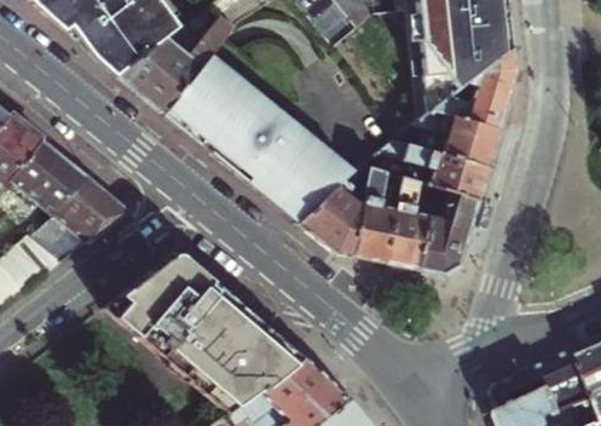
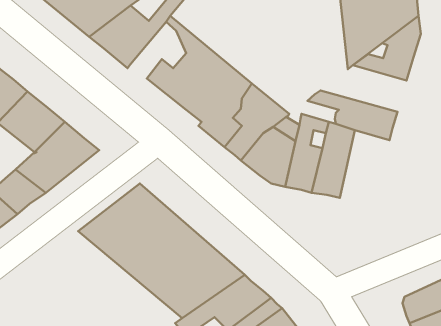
building: [167,58,233,126] -> none
building: [394,110,497,166] -> none
building: [417,188,476,275] -> none

